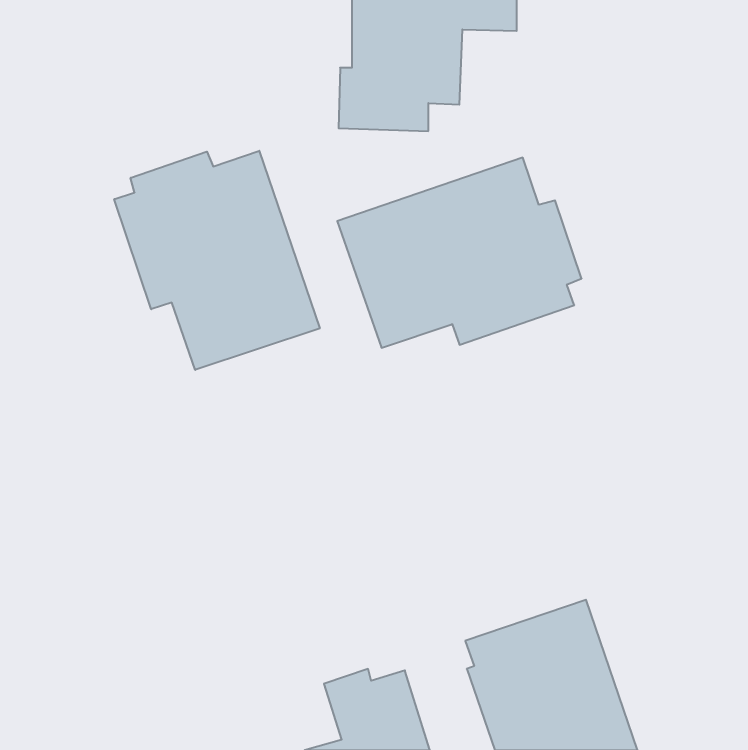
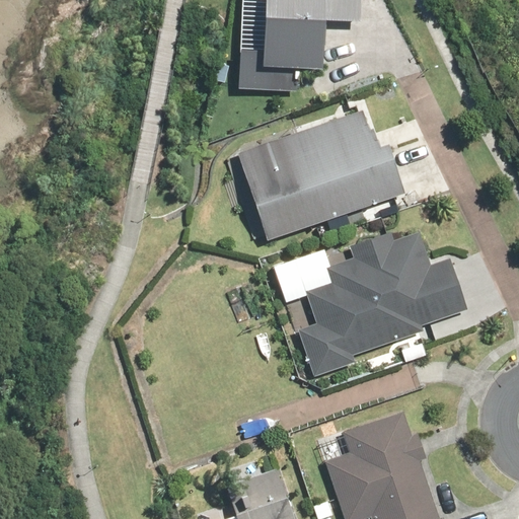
building: [114,151,320,370] -> none
building: none -> [276,232,467,379]

